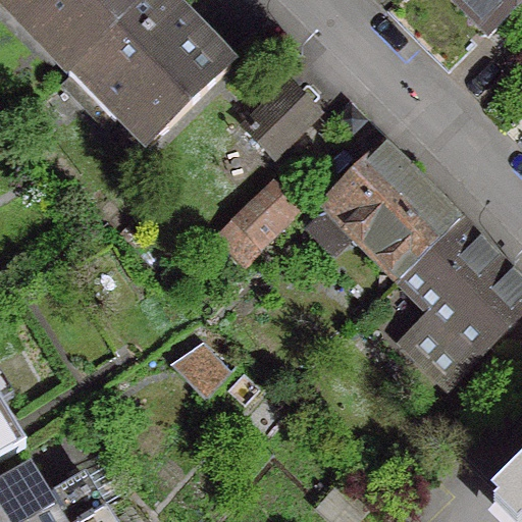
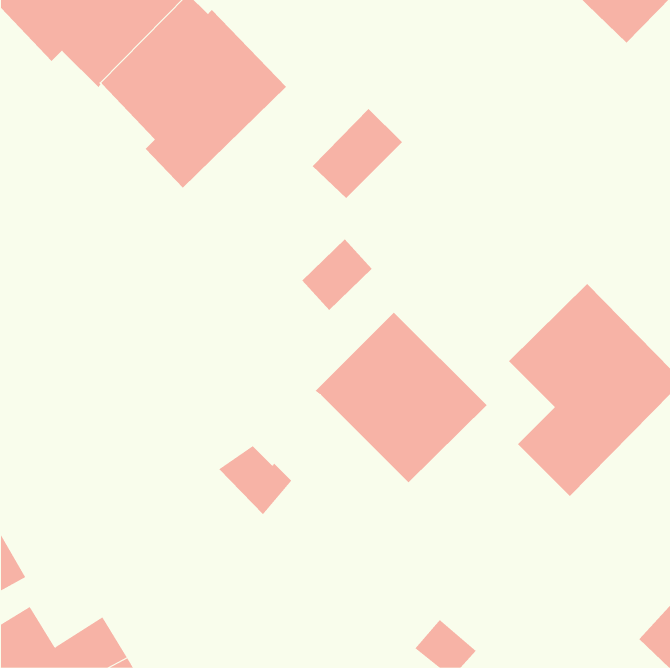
building: [323,147,457,279] -> [315,312,487,483]

